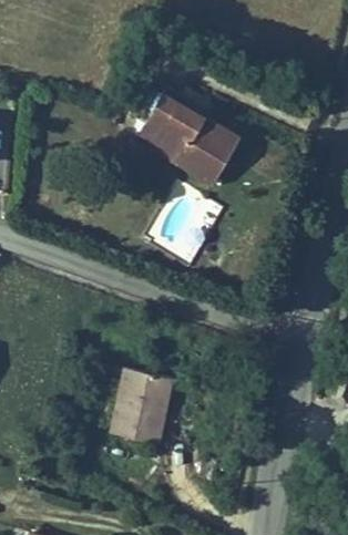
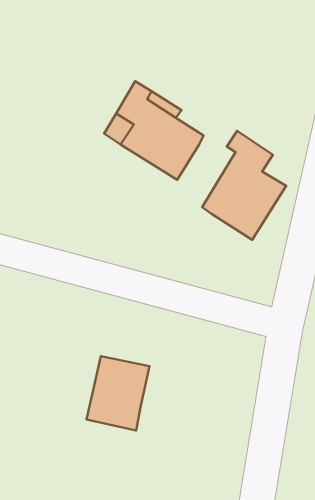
building: none -> [202,131,286,240]

